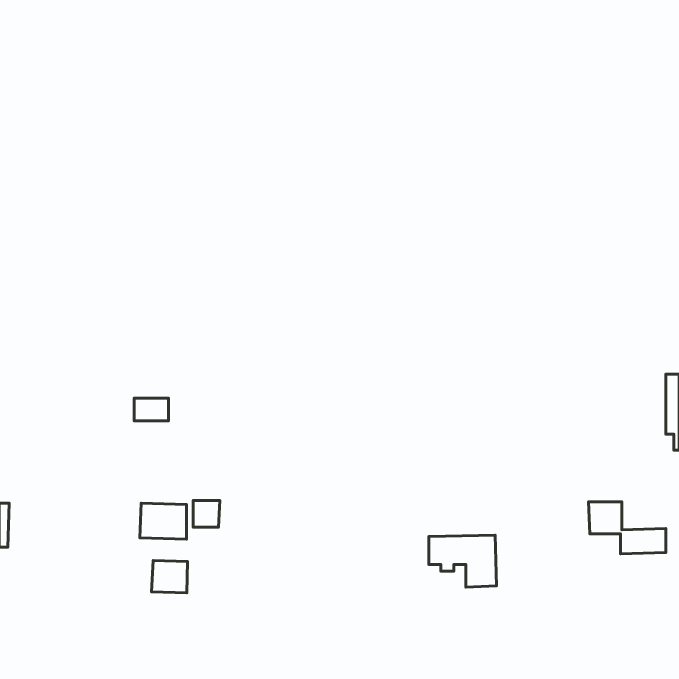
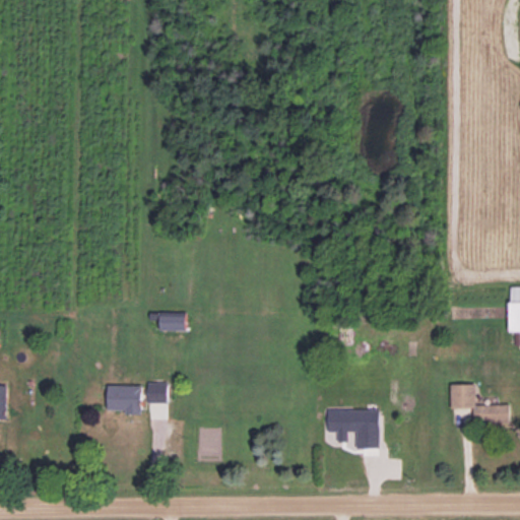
building: [134,398,169,421] -> [158,313,185,330]
building: [152,560,187,593] -> none

